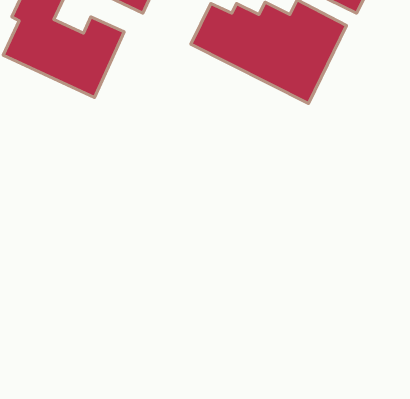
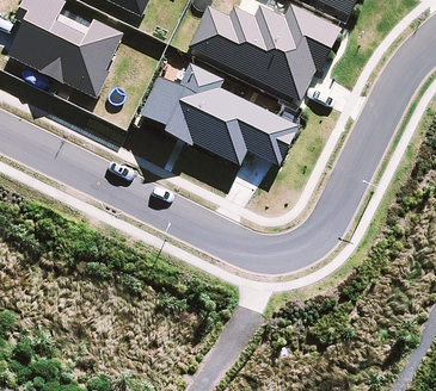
building: none -> [141,62,299,166]

